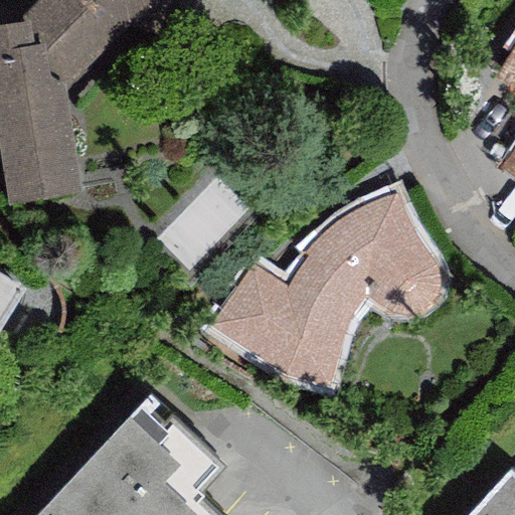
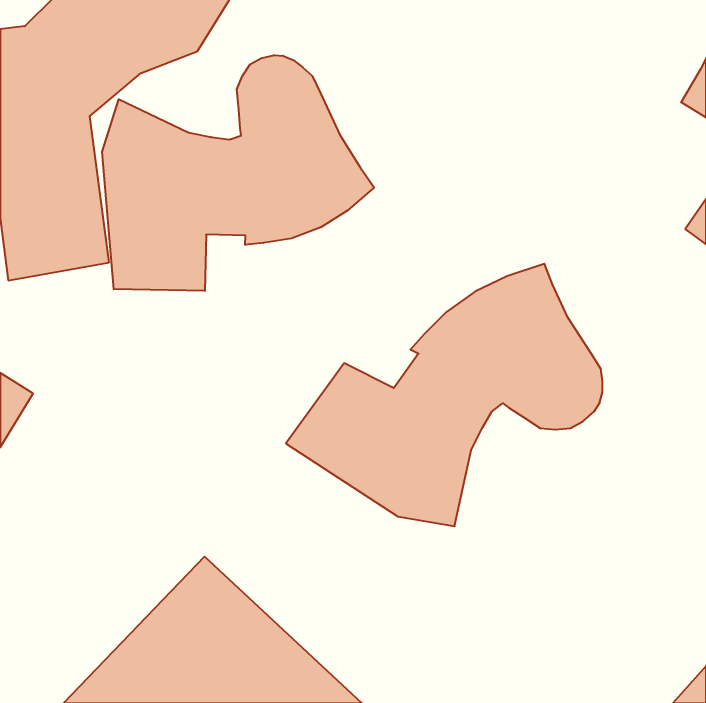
building: none -> [102,55,374,291]

